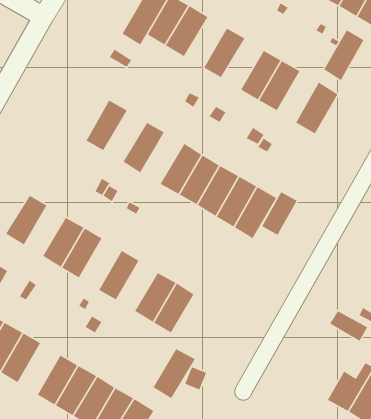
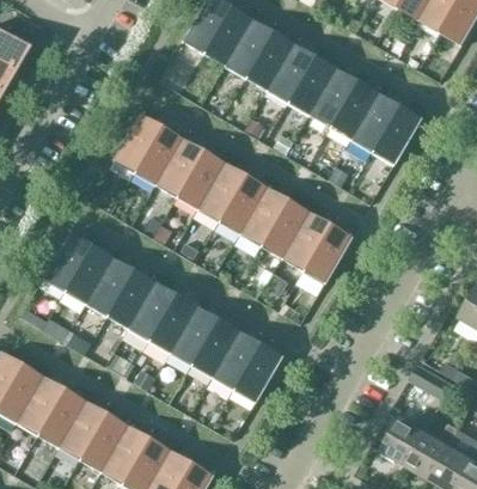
building: none -> [245,32,293,90]
building: [323,29,365,81] -> [350,93,397,152]
building: none -> [287,56,335,115]
building: none -> [112,114,160,172]
building: none -> [154,137,203,196]
building: none -> [196,163,245,221]
building: [261,191,298,236] -> none
building: none -> [65,245,111,302]
building: none -> [127,282,175,341]
building: none -> [169,307,215,365]
building: none -> [57,401,105,459]
building: [153,348,196,399] -> [231,346,280,403]
building: none -> [381,408,436,465]

